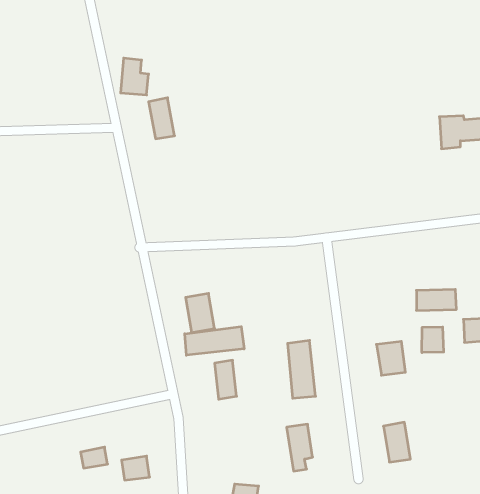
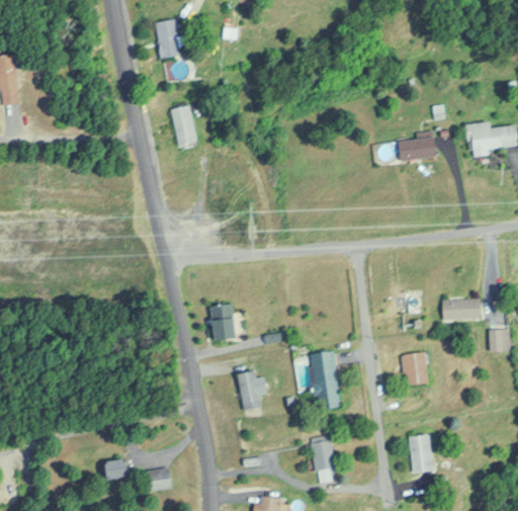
building: [121,58,149,95] -> [157,19,185,57]
building: none -> [406,138,436,159]
building: [185,327,244,355] -> none
building: [422,327,444,353] -> none

